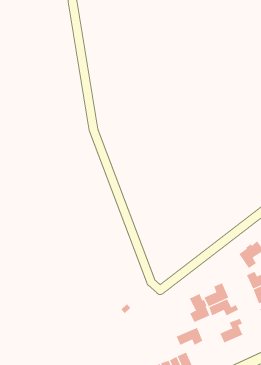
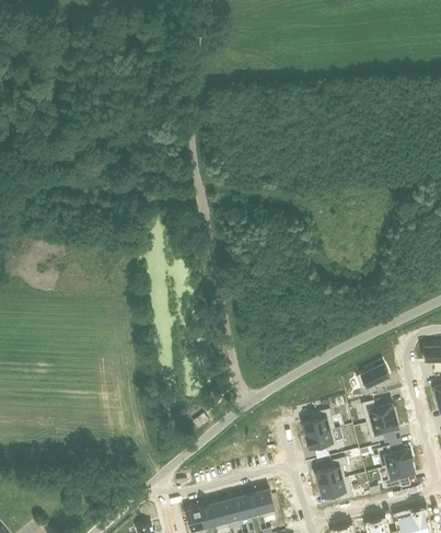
building: [189,293,210,323] -> none
building: [176,327,203,346] -> [318,478,352,501]

